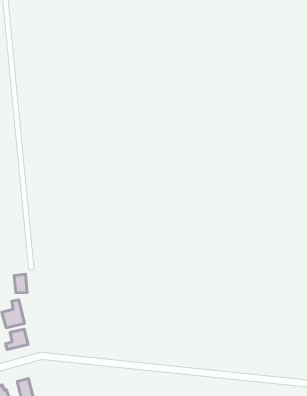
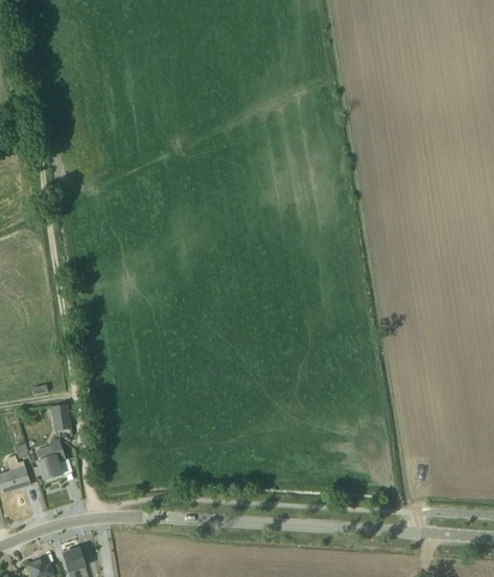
building: [6,329,28,349] -> none

